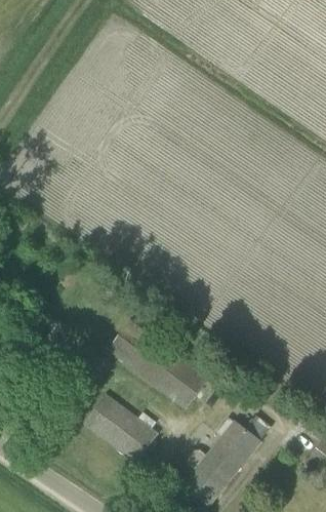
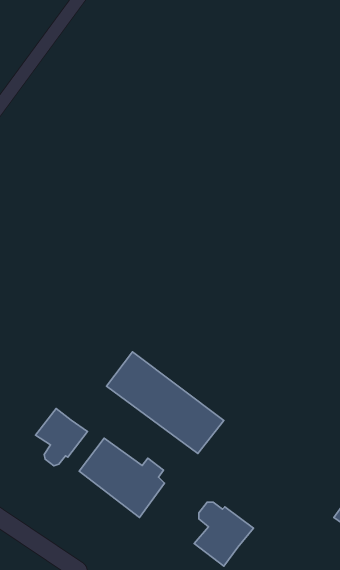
building: none -> [36,408,87,466]
building: [210,418,271,473] -> none

